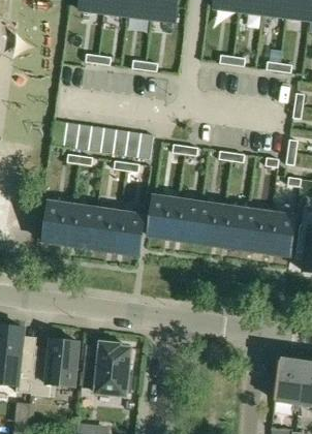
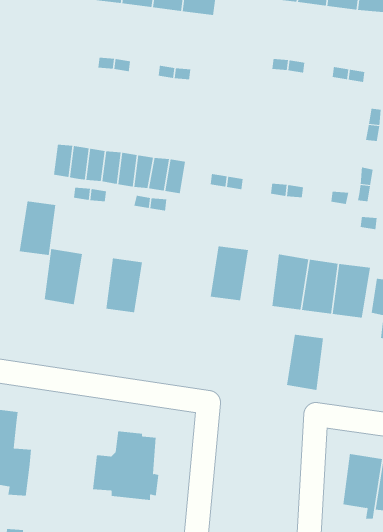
building: [148,195,178,238] -> none
building: [195,202,224,245] -> [286,334,324,391]
building: [67,205,96,247] -> [19,201,56,256]
building: [114,211,144,254] -> none
building: [30,338,79,397] -> none

